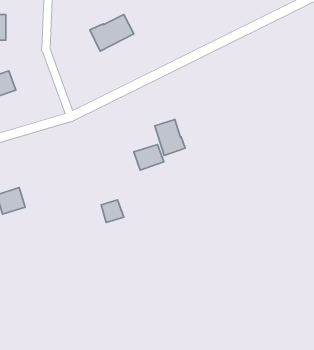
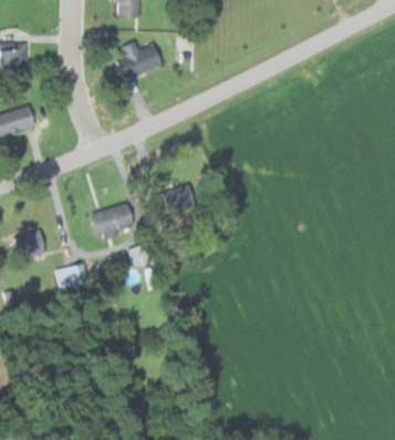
building: [155,120,185,155] -> none
building: none -> [91,203,135,237]
building: none -> [55,265,87,289]

